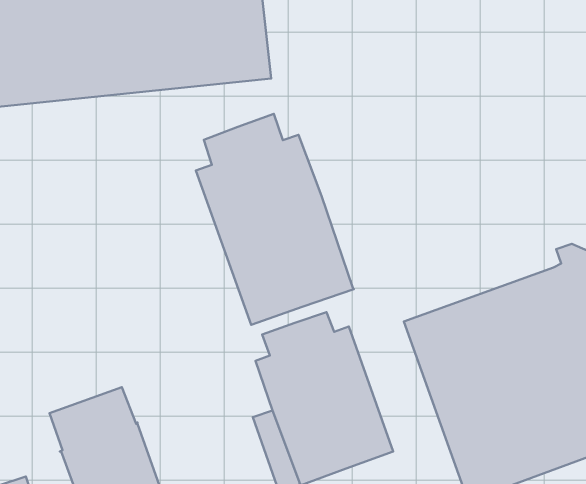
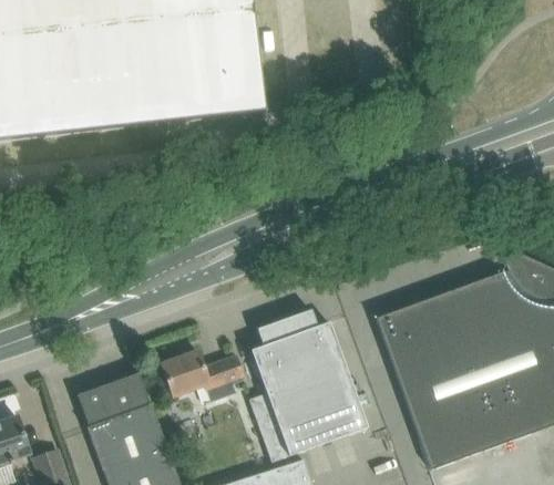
building: [196,114,354,325] -> none
building: none -> [161,350,243,401]

